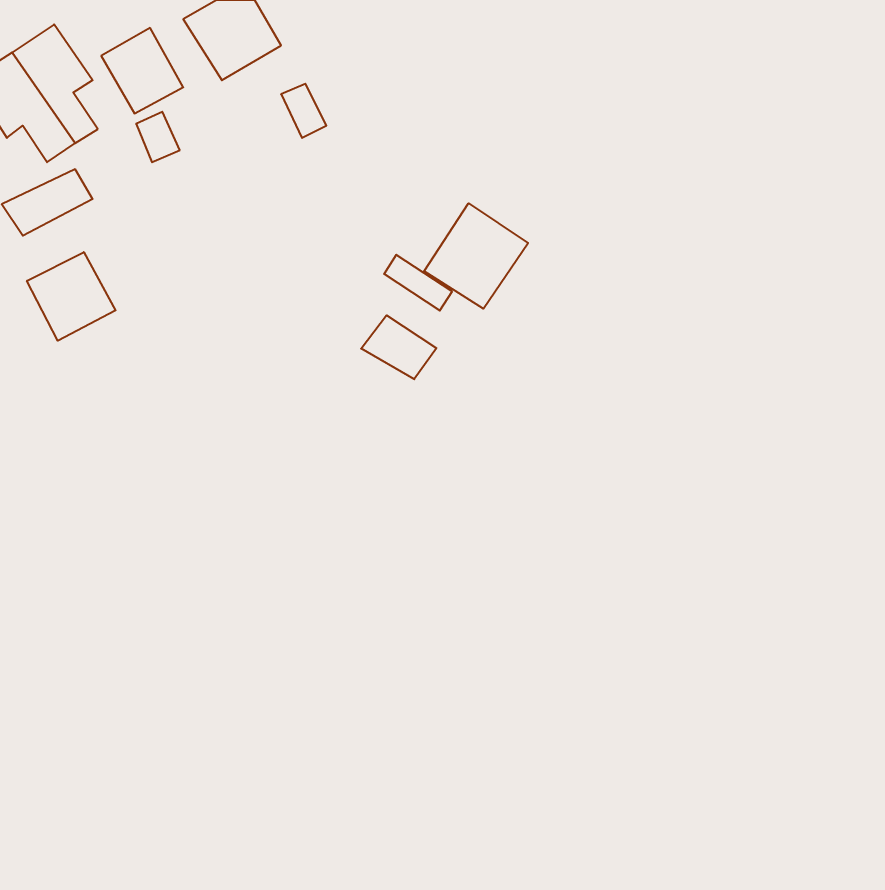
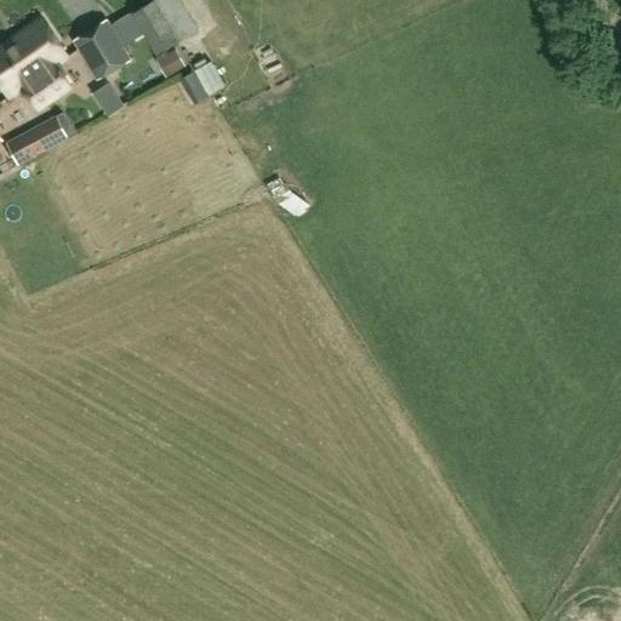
building: [424,203,528,309] -> none
building: [27,252,116,341] -> none
building: [361,315,436,379] -> none

